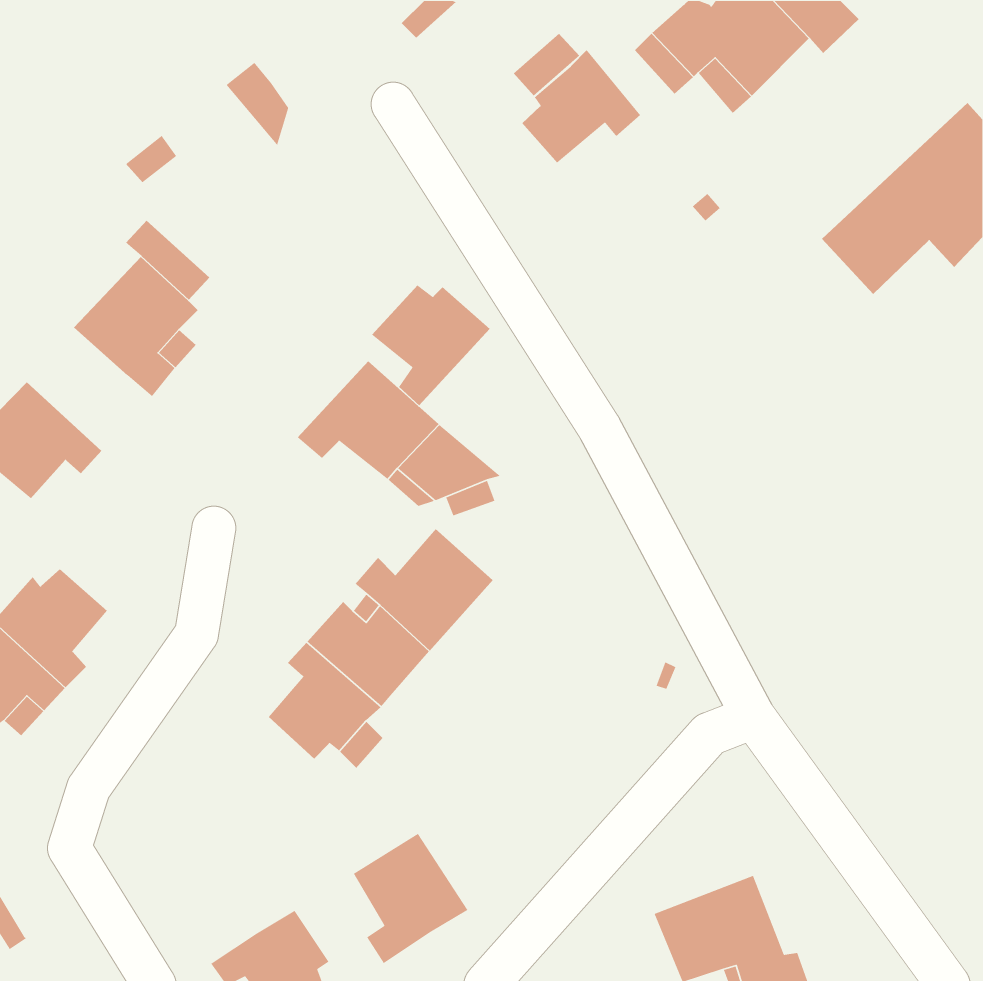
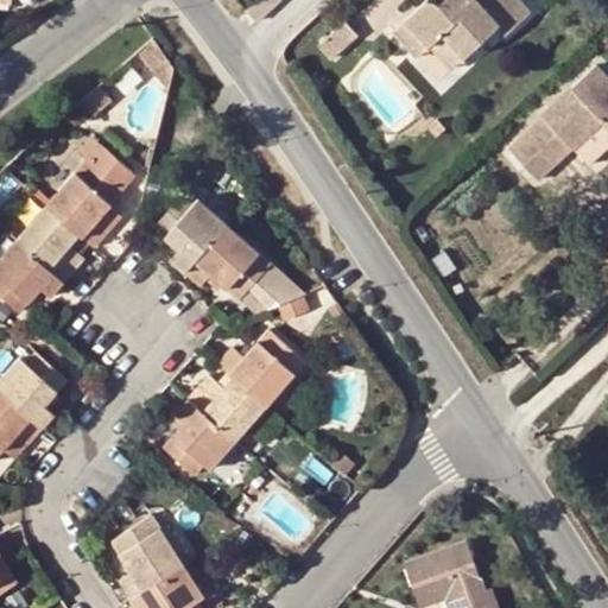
building: [521,49,641,164] -> none
building: [371,285,491,406] -> [153,197,227,272]
building: none -> [17,204,83,280]
building: [353,833,468,964] -> [110,515,182,596]

